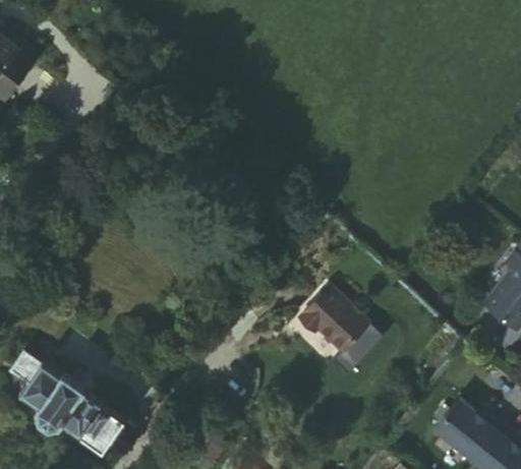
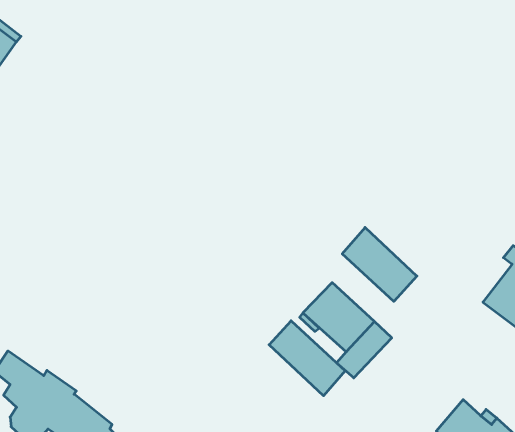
building: none -> [342,227,417,301]
building: none -> [269,321,345,396]

